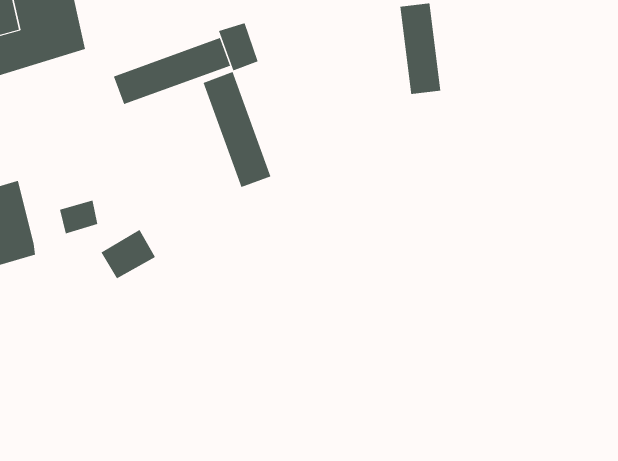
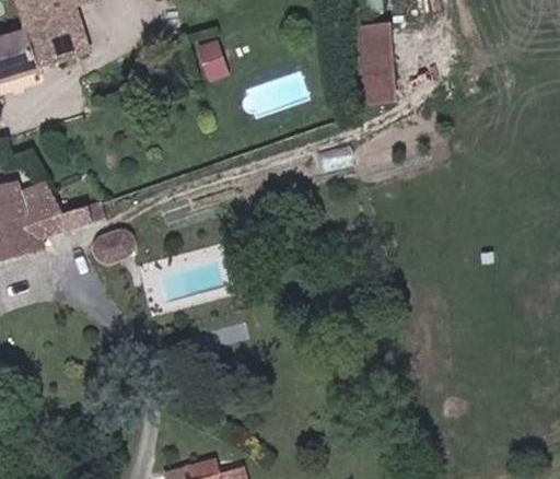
building: [113,37,231,105] -> none
building: [203,71,271,188] -> none
building: none -> [18,171,59,235]

